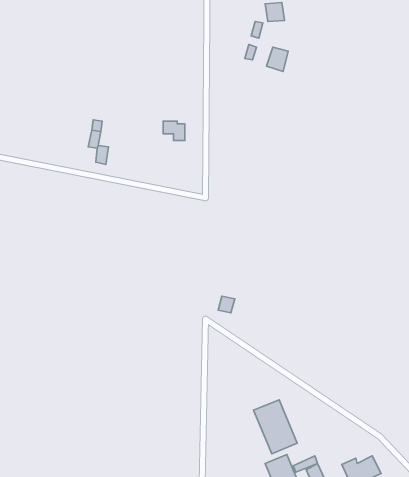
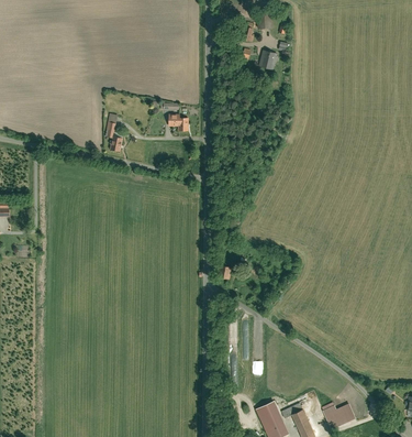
building: [254,400,297,454] -> none

